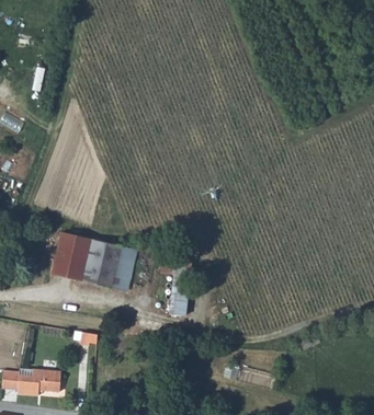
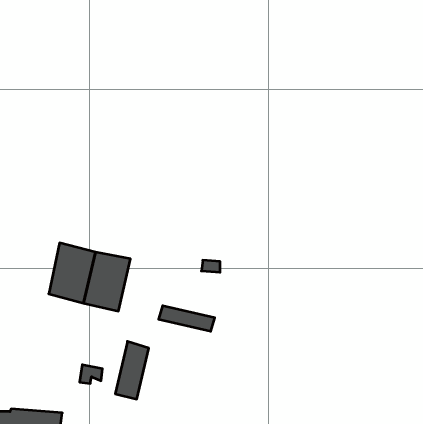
building: [110,245,137,292] -> [115,341,149,399]

